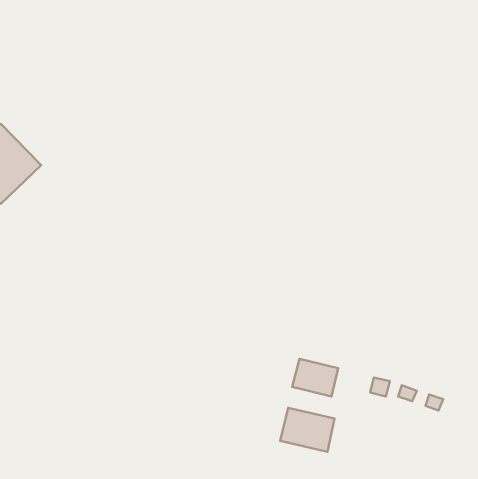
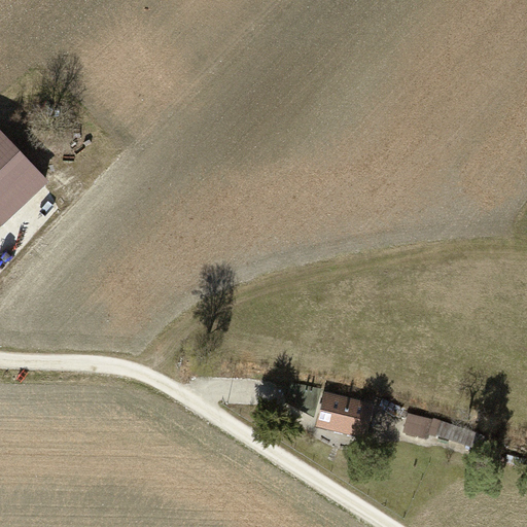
building: [280,408,334,452] -> none

